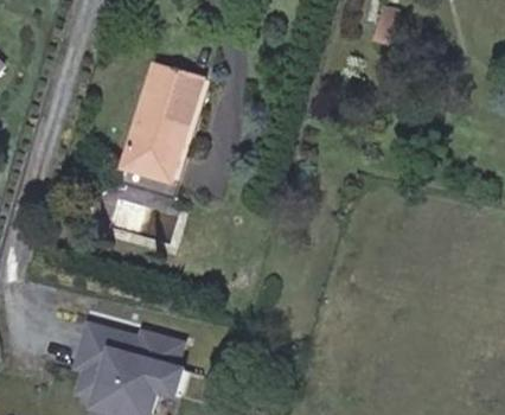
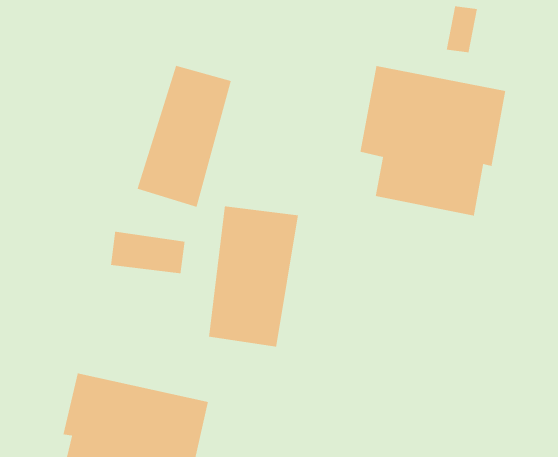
building: none -> [359,65,506,217]
building: none -> [208,206,299,347]

